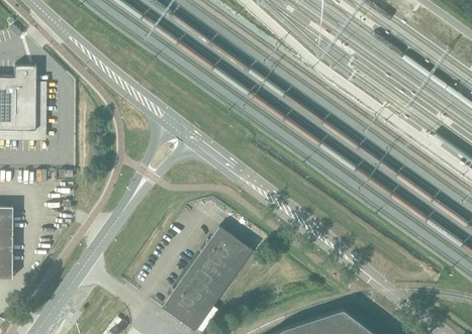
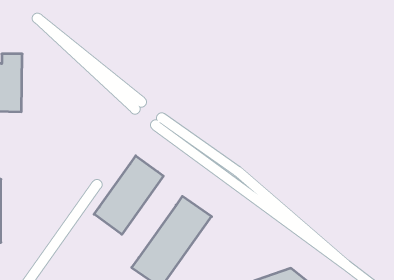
building: none -> [94,156,163,234]

